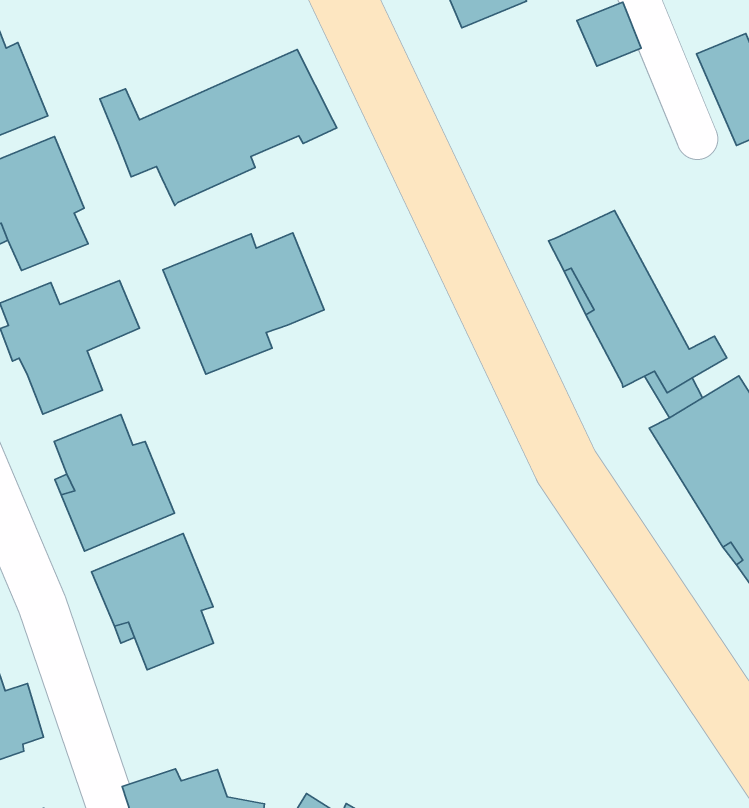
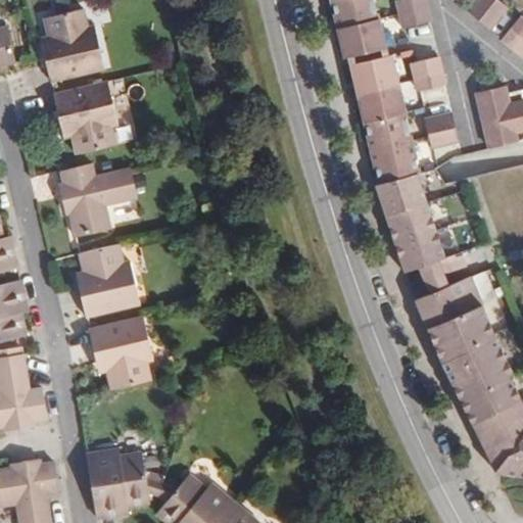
building: none -> [353,53,418,184]
building: [100,50,337,205] -> none
building: none -> [424,113,459,148]
building: [163,233,324,374] -> none

